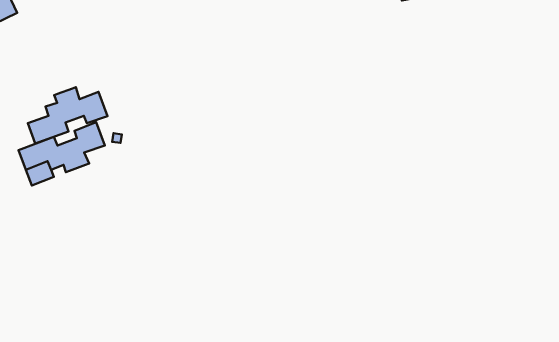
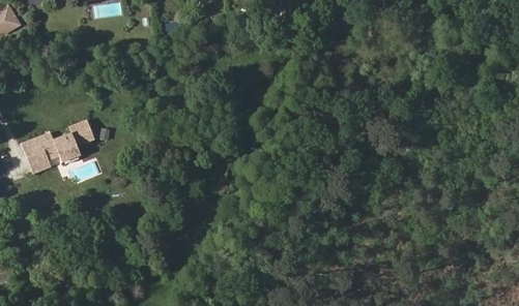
building: [28,87,107,143] -> none

